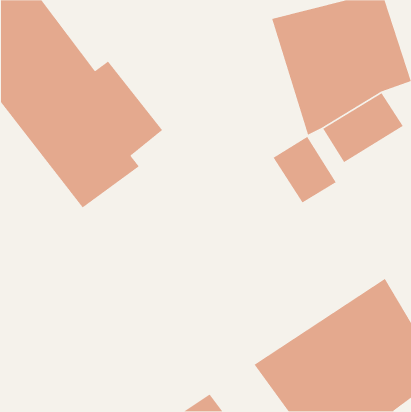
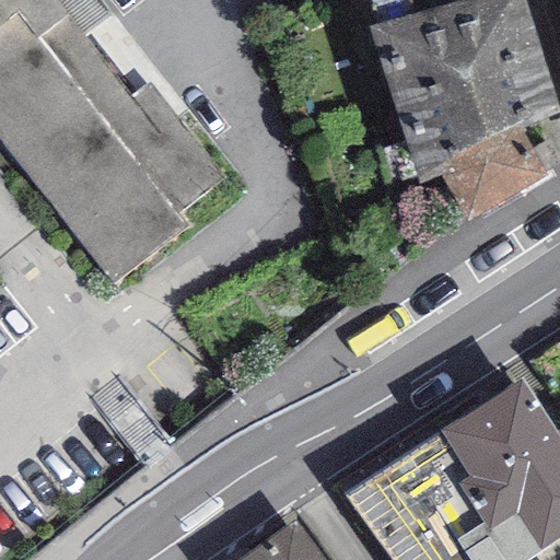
building: [273,136,337,203] -> none

